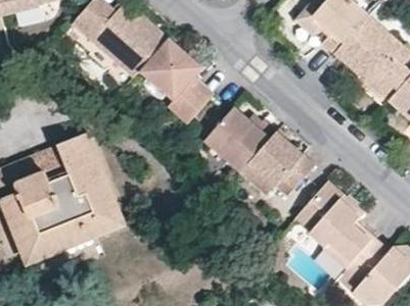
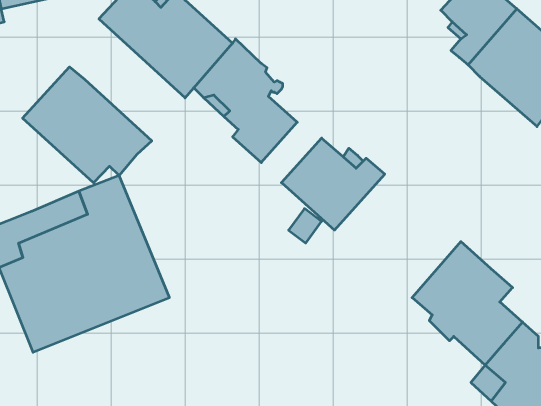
building: none -> [23,67,152,183]
building: [239,133,313,196] -> none

